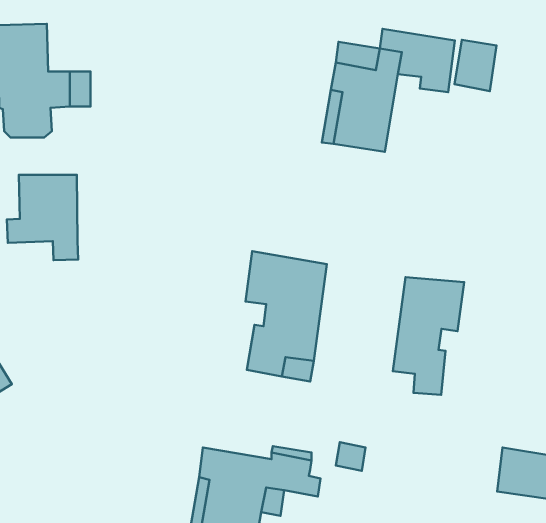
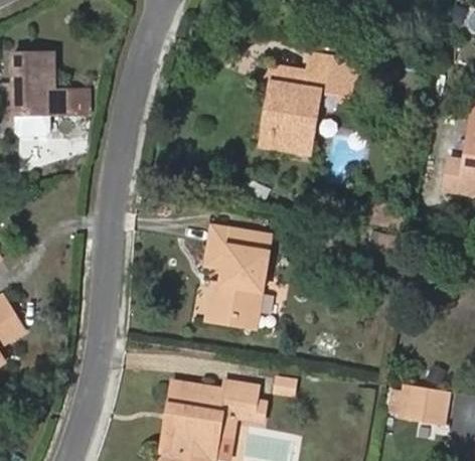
building: [455,40,497,91] -> none
building: [7,175,78,260] -> none
building: [393,277,464,395] -> none

